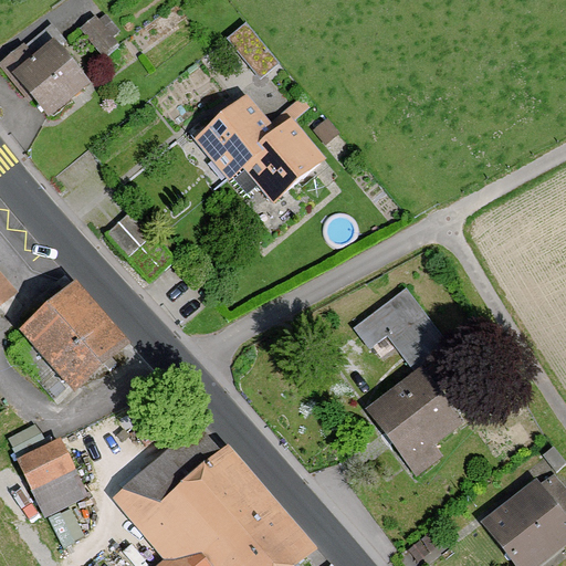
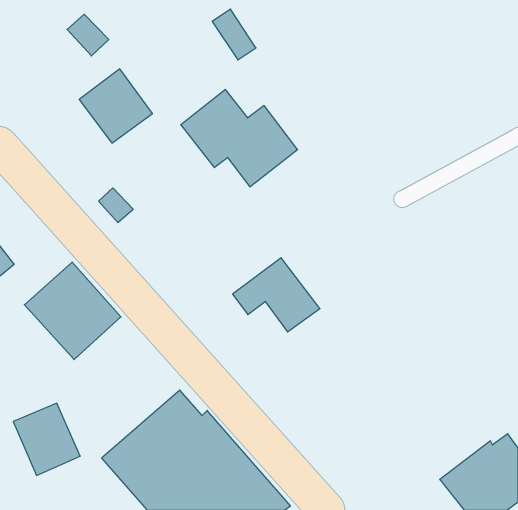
building: [9,38,88,118] -> [79,69,152,143]
building: [350,287,446,368] -> [233,258,320,332]
building: [369,355,481,476] -> none

